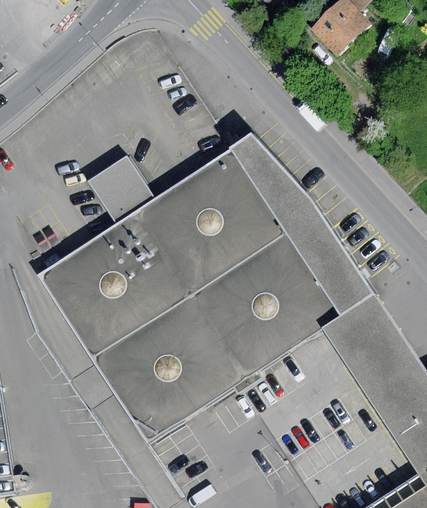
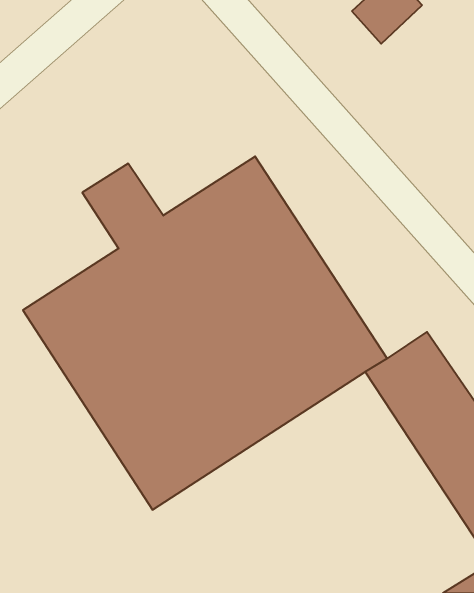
building: [230,134,372,314] -> none

